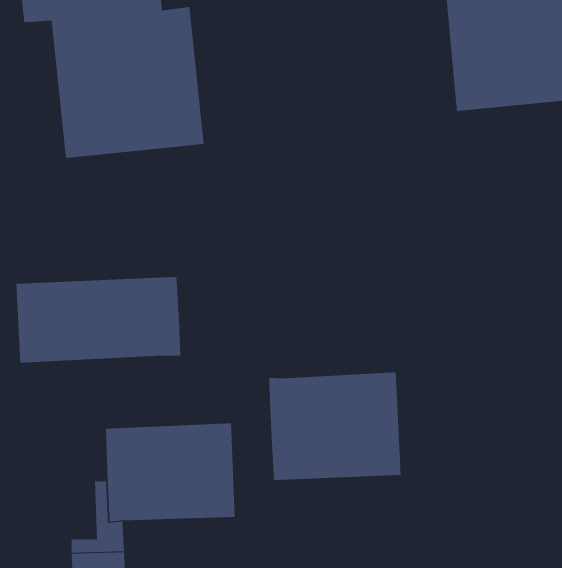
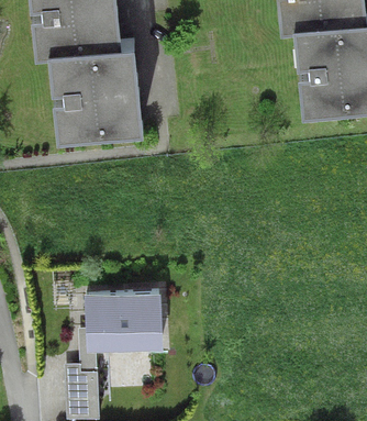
building: [16,276,181,363] -> none
building: [269,372,401,481] -> none

